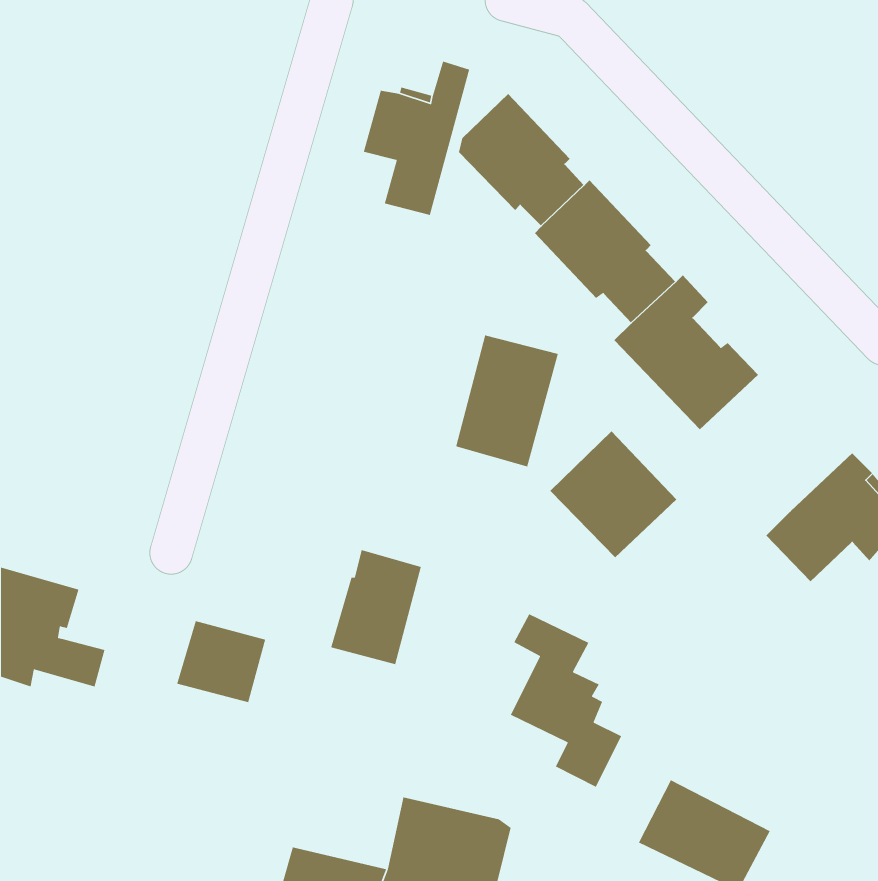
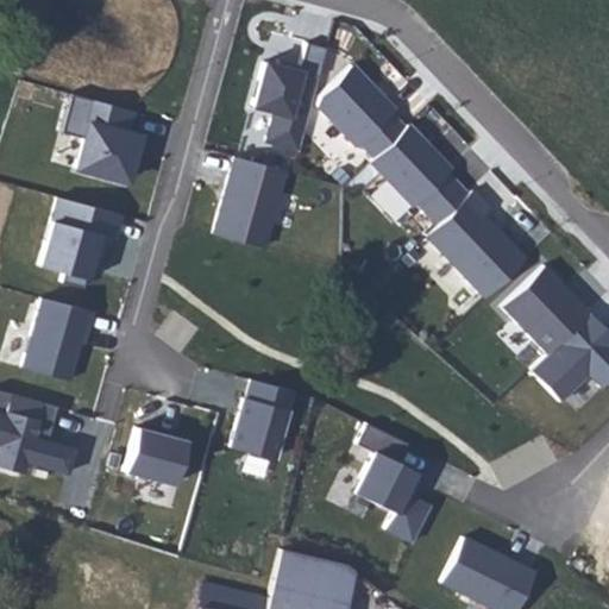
building: none -> [62,94,139,182]
building: none -> [38,197,115,280]
building: [455,334,559,468] -> [215,157,287,249]
building: none -> [23,297,95,381]
building: [549,430,677,558] -> [502,265,590,353]

